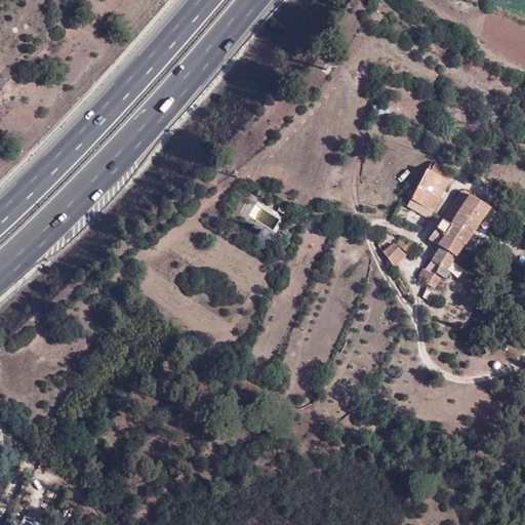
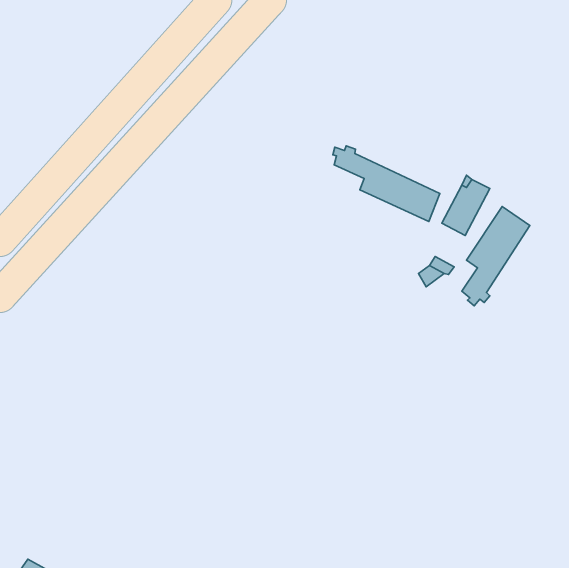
building: none -> [333,146,440,222]

